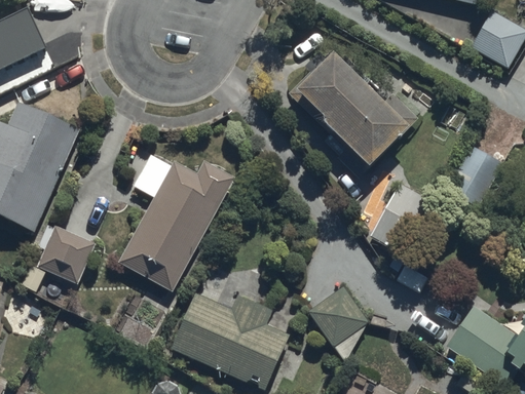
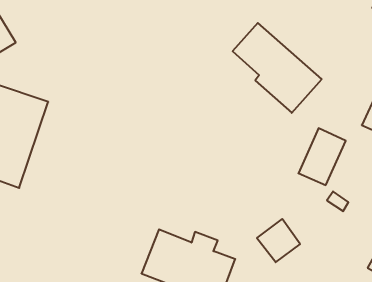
building: [122,164,231,288] -> none
building: [40,232,88,282] -> none

